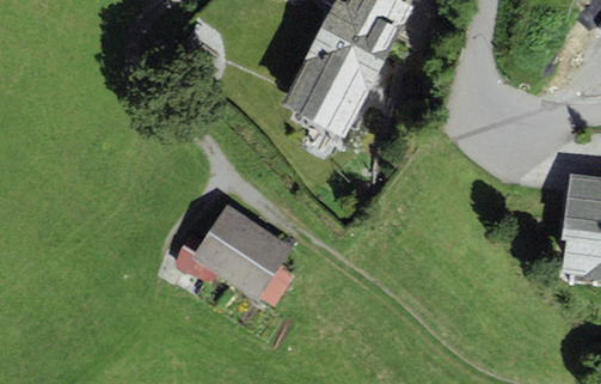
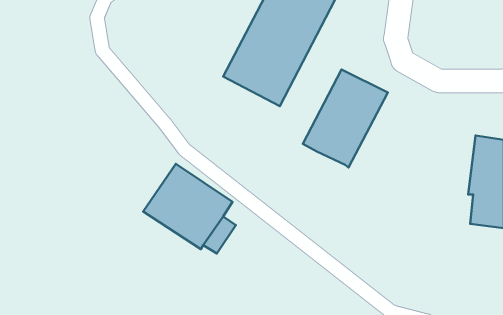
building: none -> [303,70,388,168]

